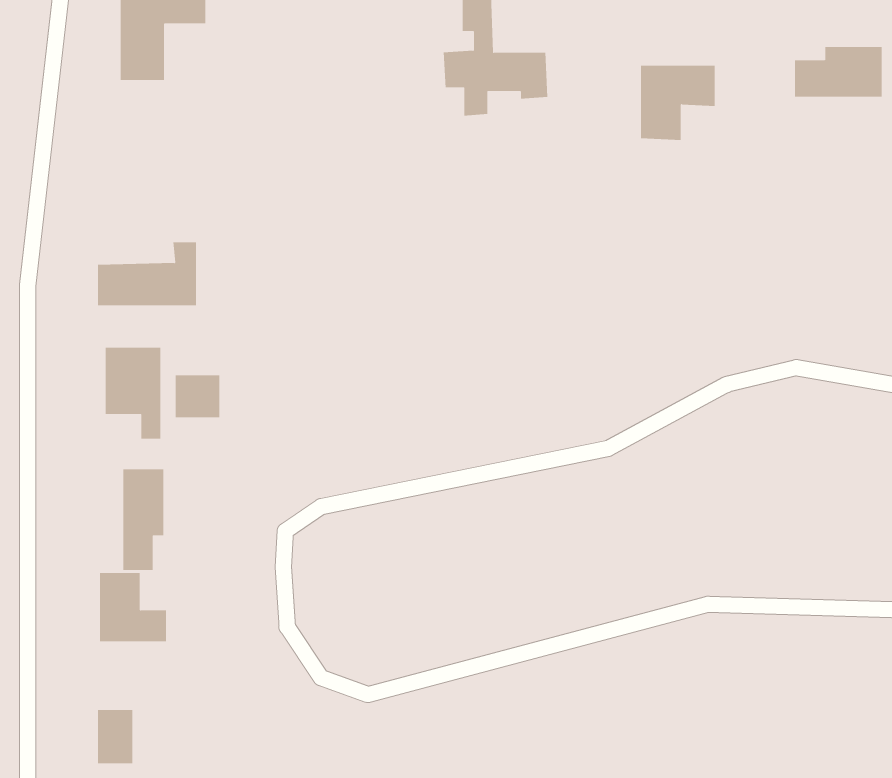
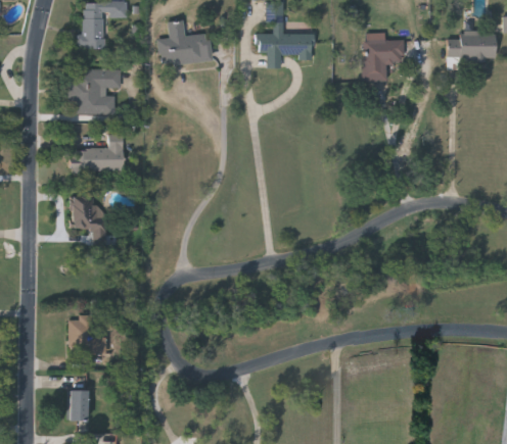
building: none -> [158,20,211,65]
building: none -> [68,68,121,114]
building: [175,375,220,418] -> none
building: [123,469,164,571] -> none

